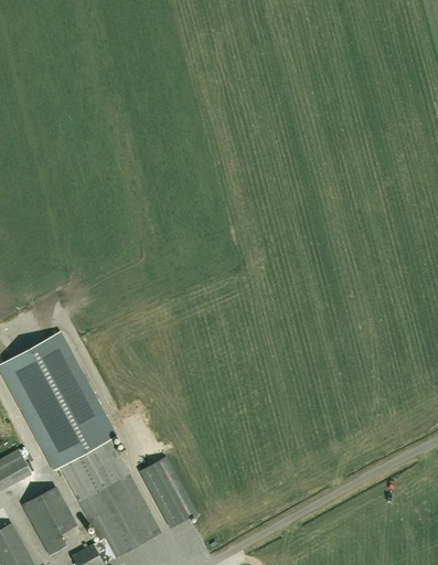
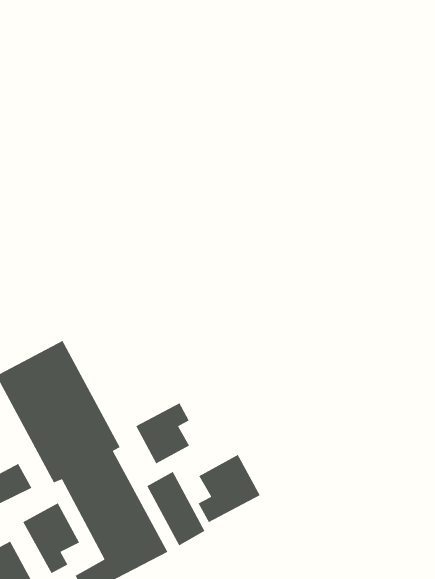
building: none -> [135,402,190,464]
building: none -> [198,454,261,523]

